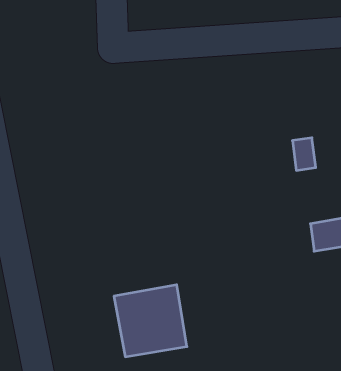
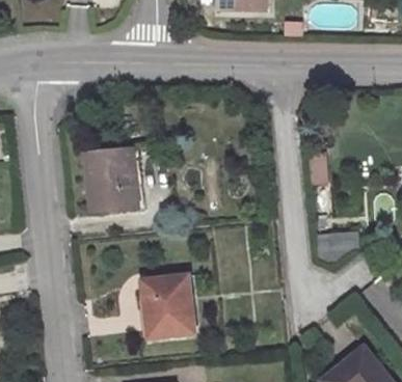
building: none -> [92,152,143,208]

